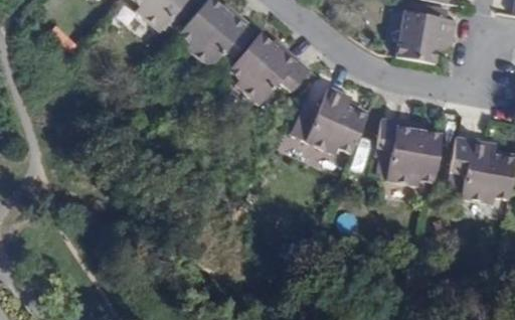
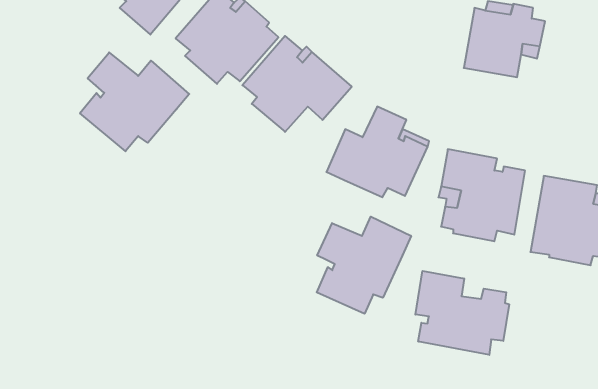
building: none -> [80,52,189,151]
building: none -> [317,217,411,314]
building: none -> [415,271,509,355]

